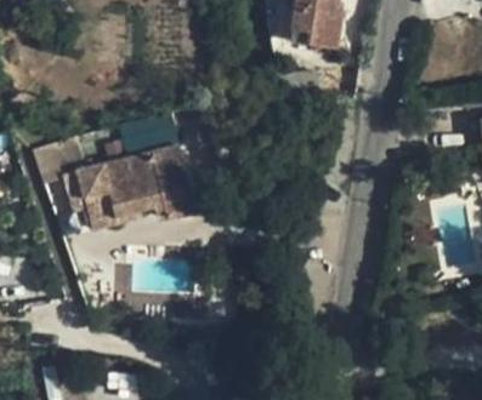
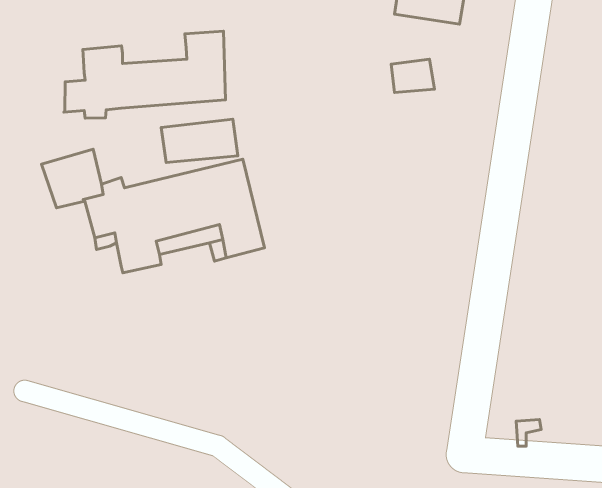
building: none -> [64,31,226,118]

